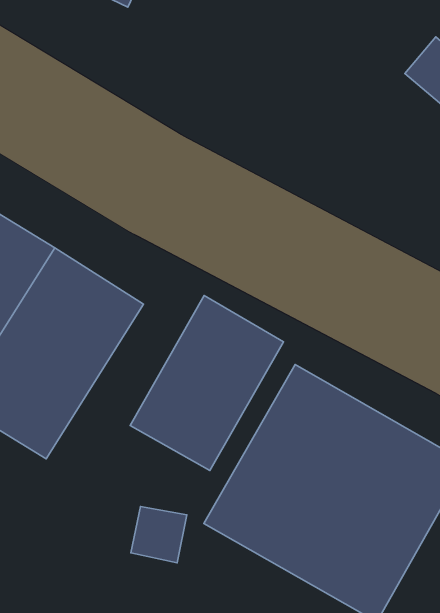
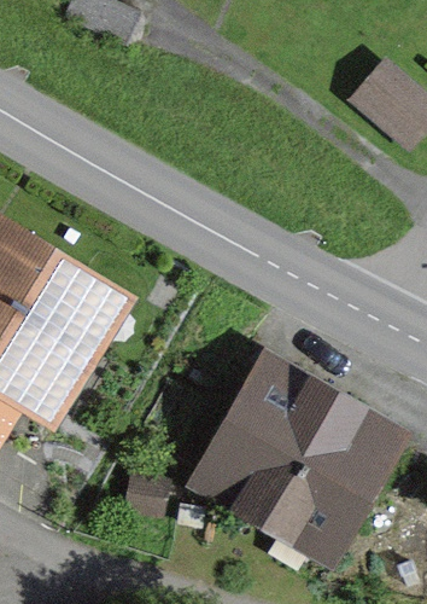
building: [130,295,283,471] -> none

